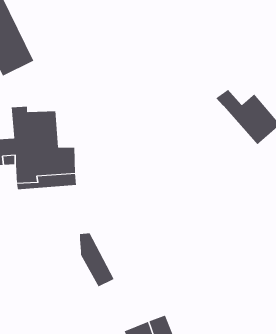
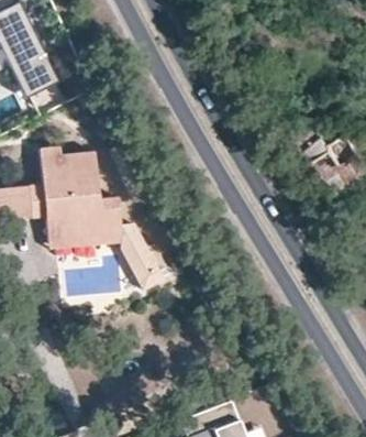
building: [79,233,114,287] -> [120,221,163,287]

